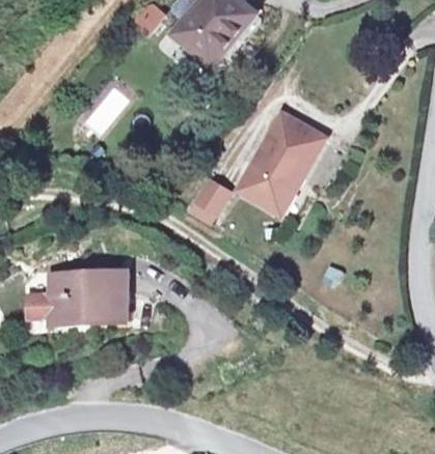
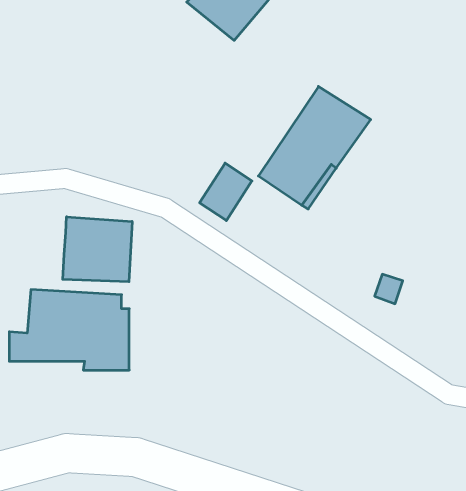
building: none -> [63,217,132,282]

